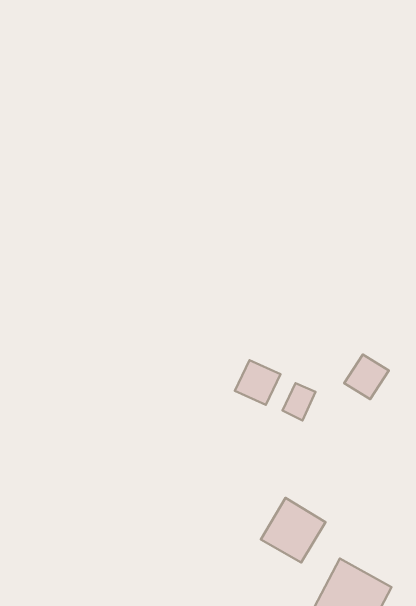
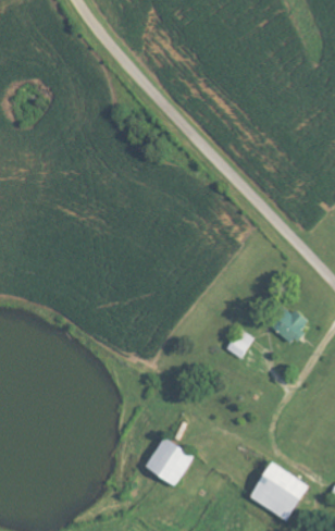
building: [235,360,280,405] -> none
building: [261,498,326,562] -> [145,436,194,485]

